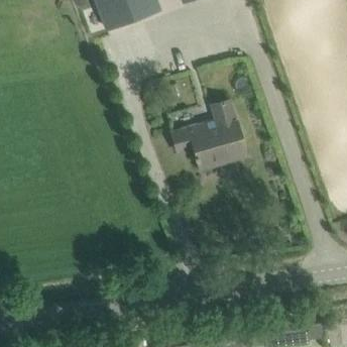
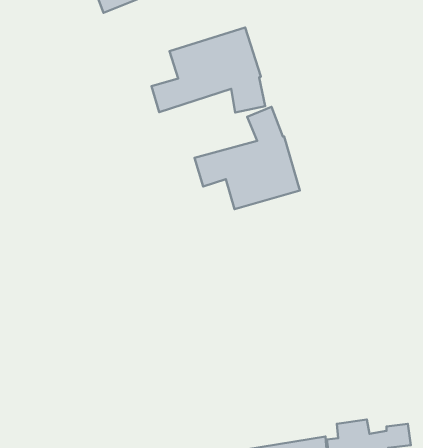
building: none -> [151,28,265,113]

